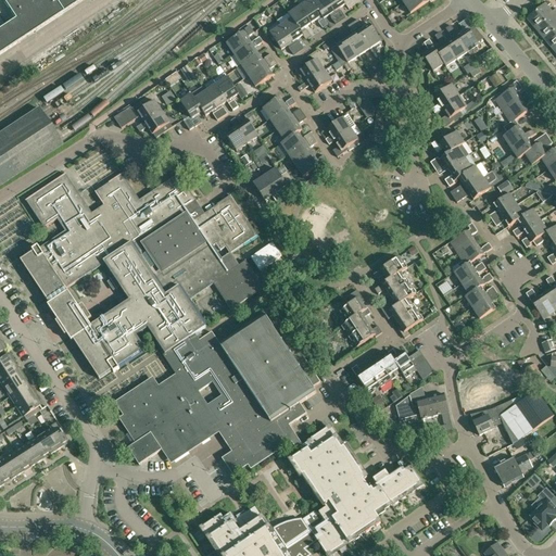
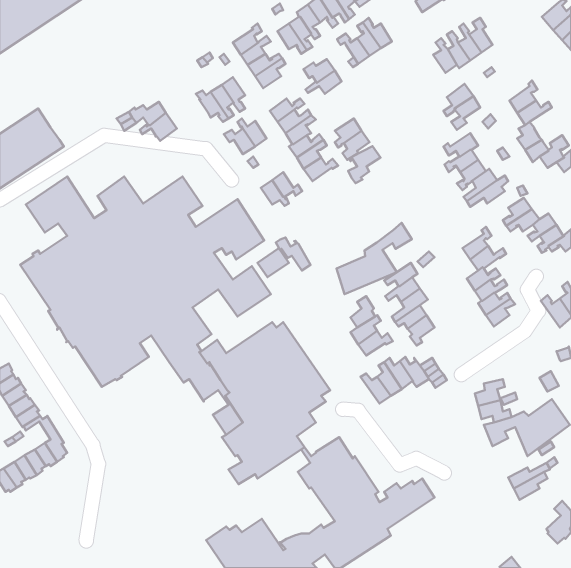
building: [179,91,202,128] -> none
building: none -> [348,146,380,183]
building: none -> [337,223,412,294]
building: none -> [276,237,310,271]
building: [116,368,219,462] -> none
building: [397,391,447,417] -> none

